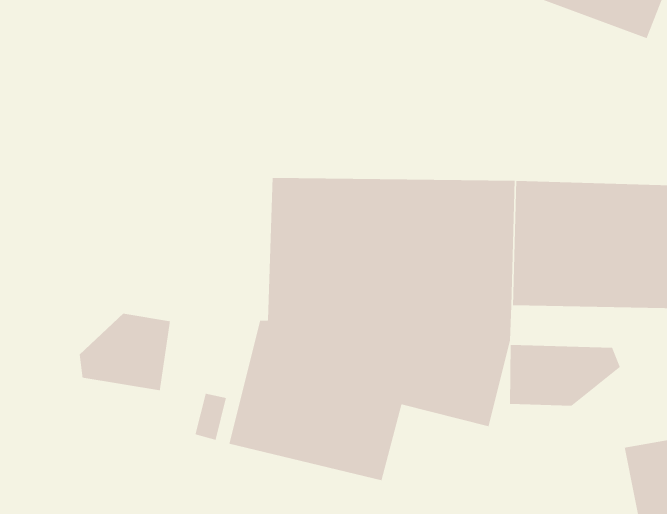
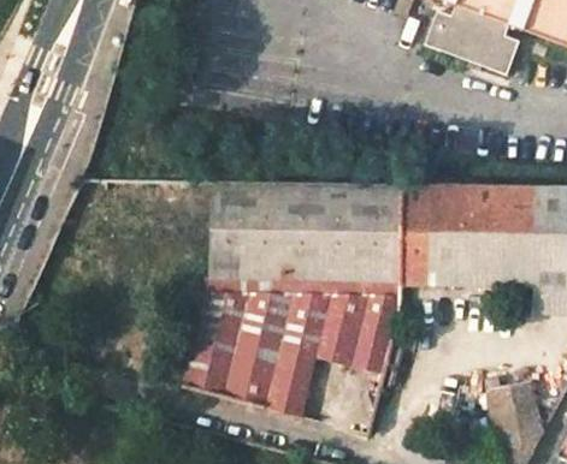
building: [79,313,171,391] -> none
building: [509,344,621,407] -> none

